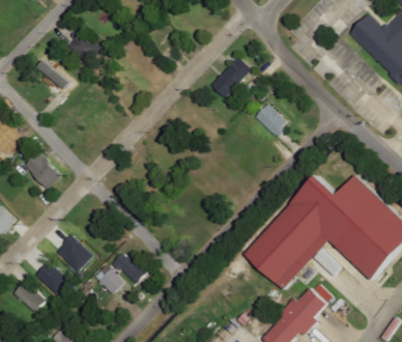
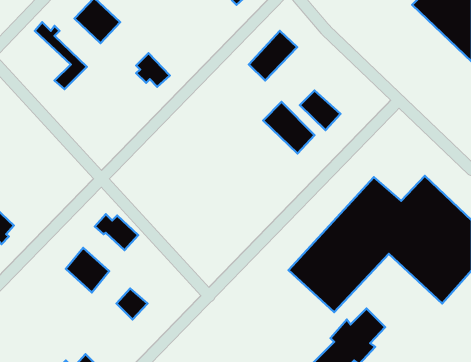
building: none -> [263,102,315,154]
building: [24,151,61,188] -> none
building: [111,253,147,283] -> [95,214,138,250]
building: [37,264,69,296] -> none
building: [12,281,45,312] -> none

